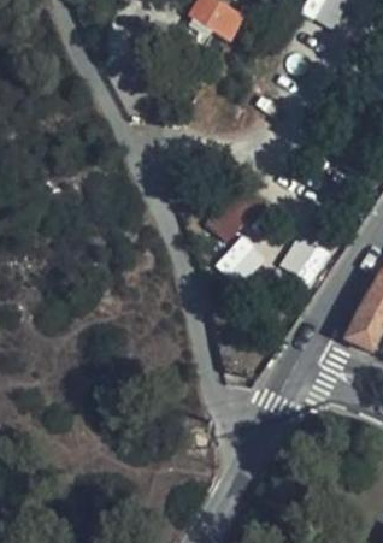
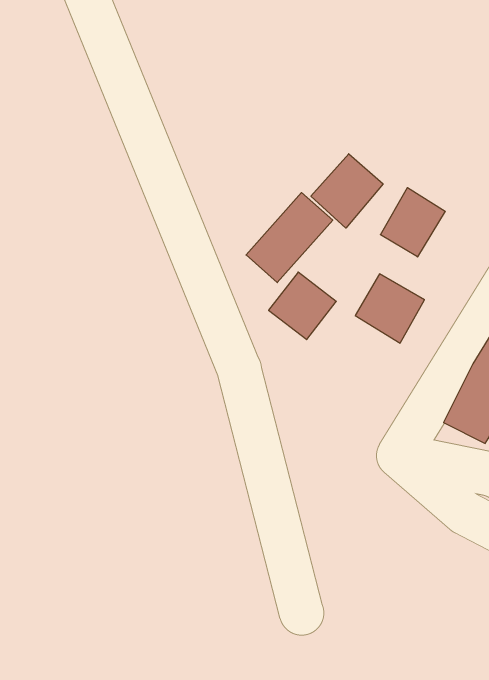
building: none -> [311,154,383,228]
building: none -> [380,188,445,257]

